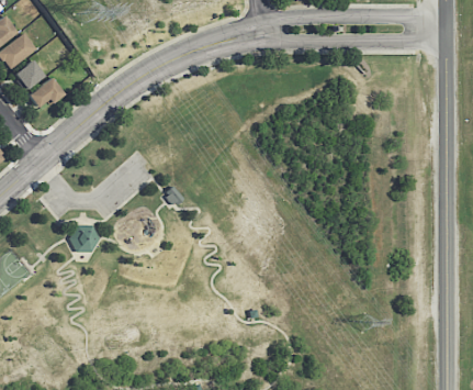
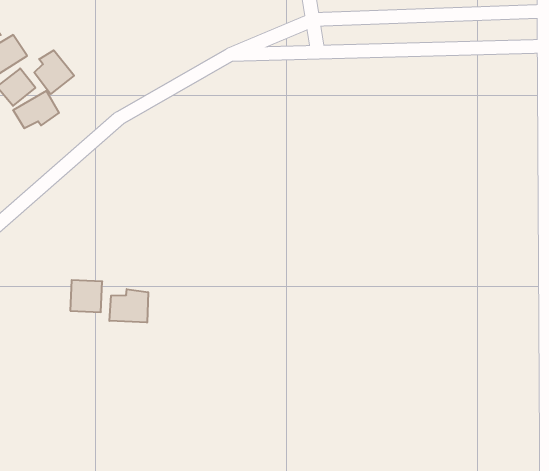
building: none -> [34,50,74,94]
building: none -> [109,289,148,323]

